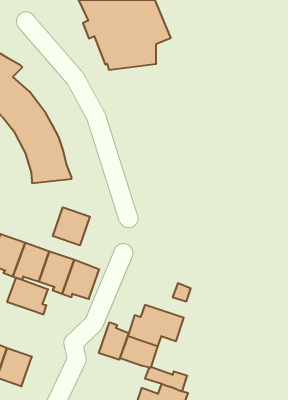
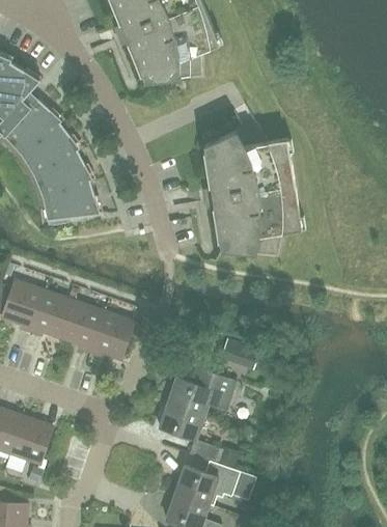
building: none -> [202,121,302,256]
building: [53,207,90,245] -> none
building: [7,278,48,315] -> none
building: [99,322,129,360] -> none

